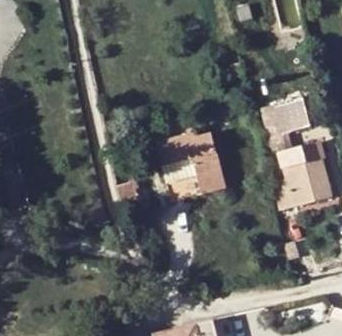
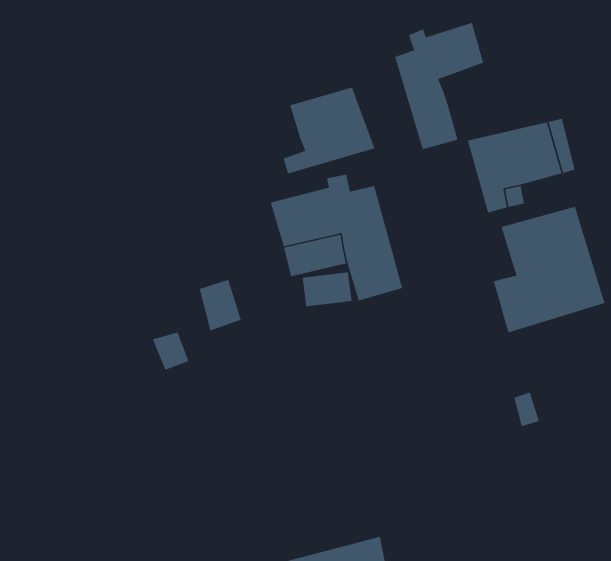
building: none -> [394,22,484,150]
building: none -> [283,86,376,174]

